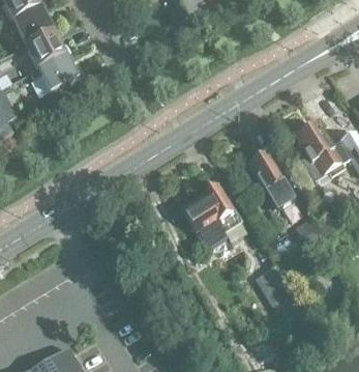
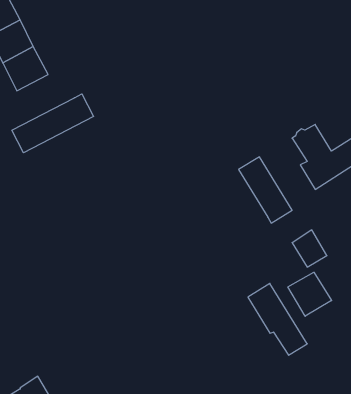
building: none -> [12,94,94,153]
building: [181,182,240,248] -> none
building: none -> [288,272,332,316]

